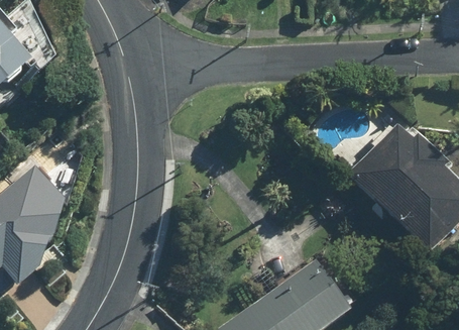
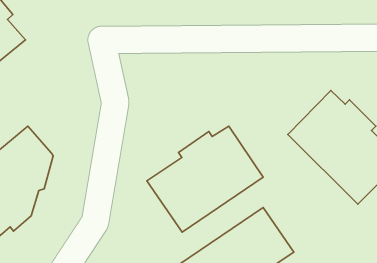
building: none -> [147,126,263,232]

